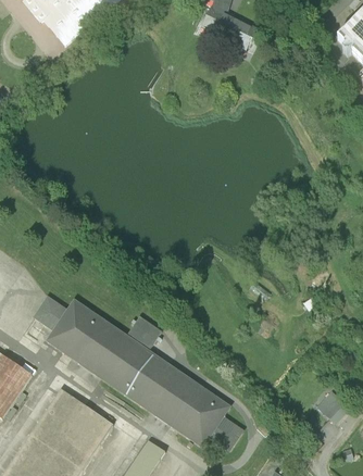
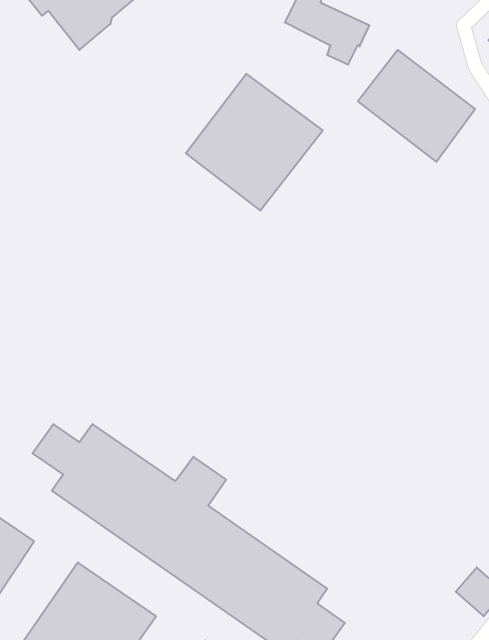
building: none -> [358,50,475,162]
building: none -> [186,74,323,210]

